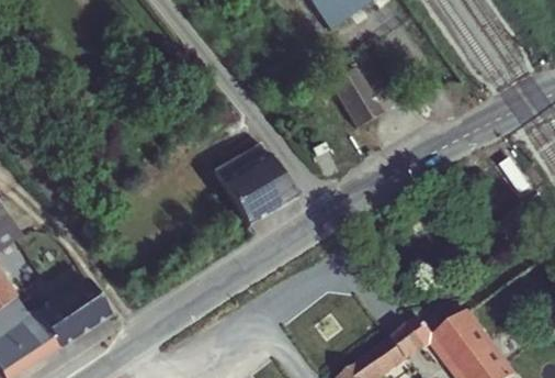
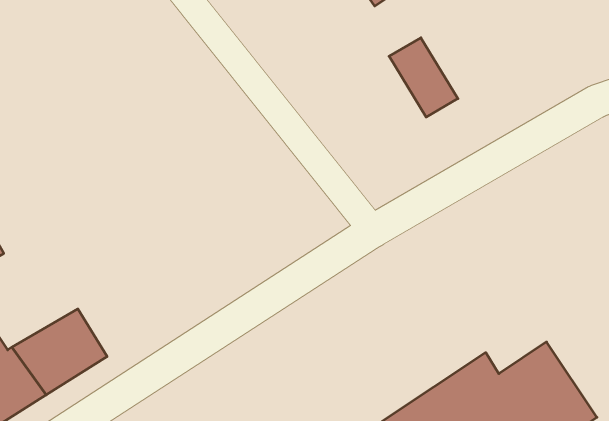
building: [208,142,291,229] -> none

